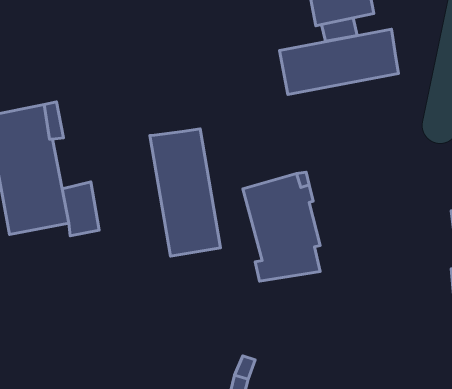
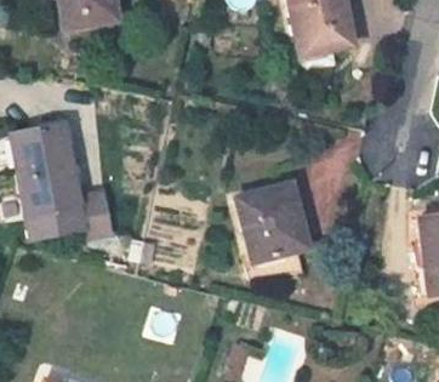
building: [279,29,398,95] -> none
building: [150,129,220,256] -> none

